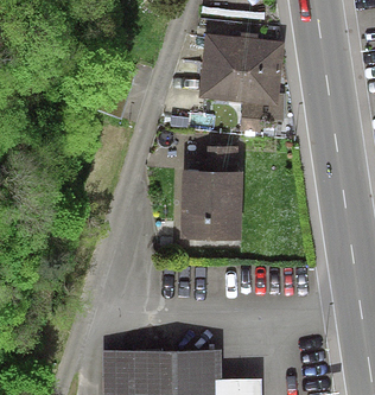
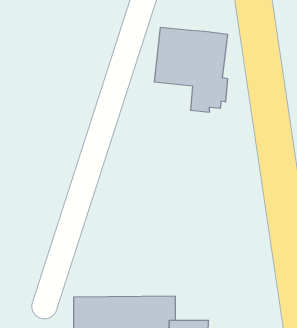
building: [179,146,242,241] -> none

